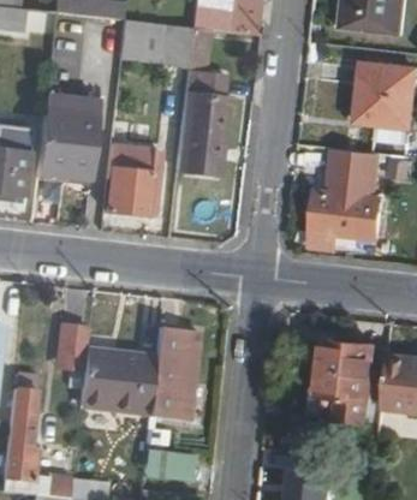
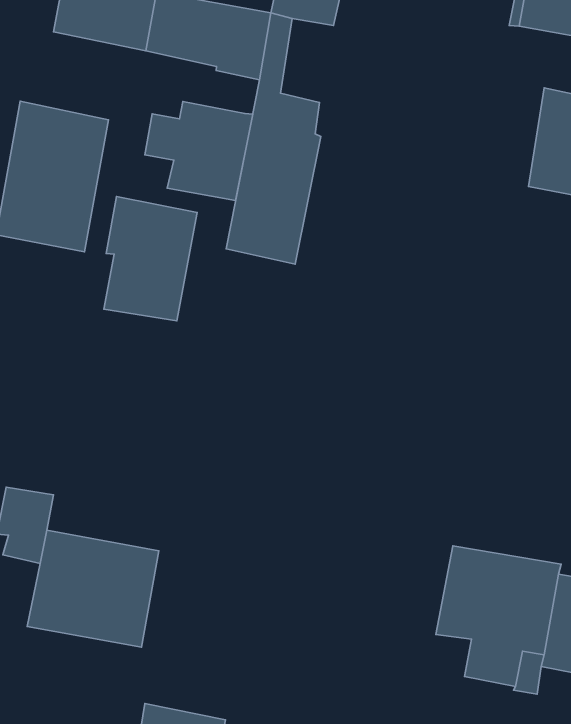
building: none -> [145,102,253,201]
building: [312,148,386,245] -> none
building: [148,326,195,421] -> none

